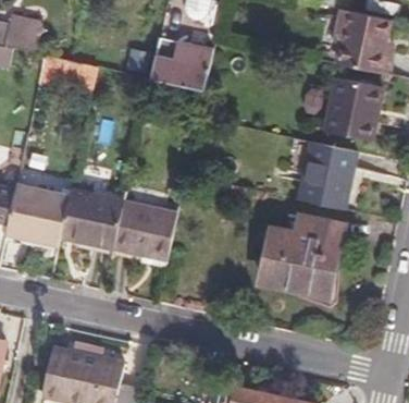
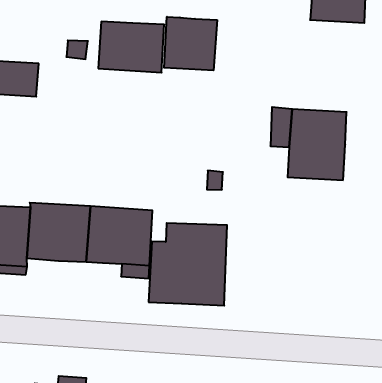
building: none -> [164,17,217,70]
building: [323,78,380,138] -> none
building: [264,216,343,295] -> [149,223,227,306]

